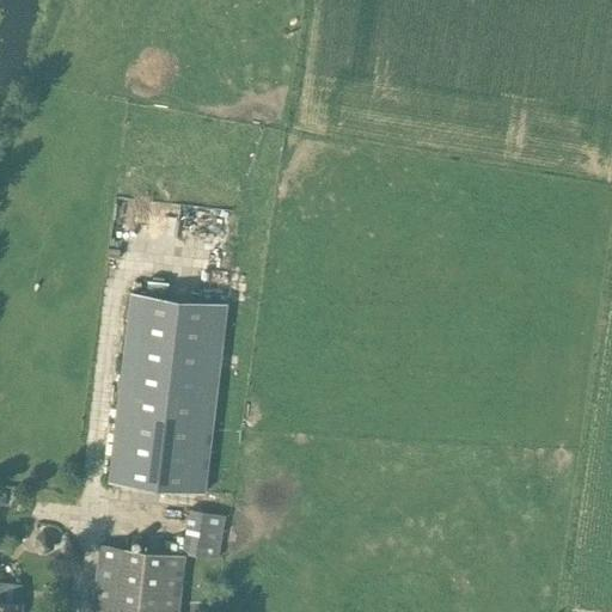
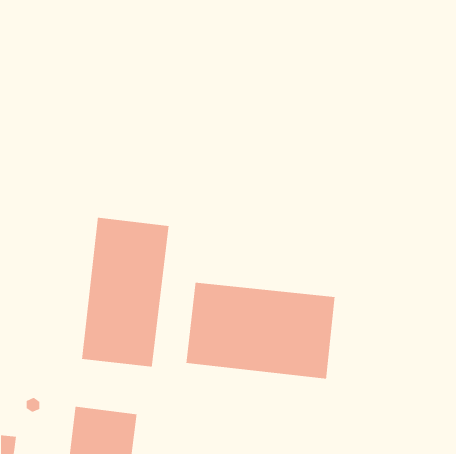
building: none -> [185,282,336,379]
building: [188,513,226,562] -> none

